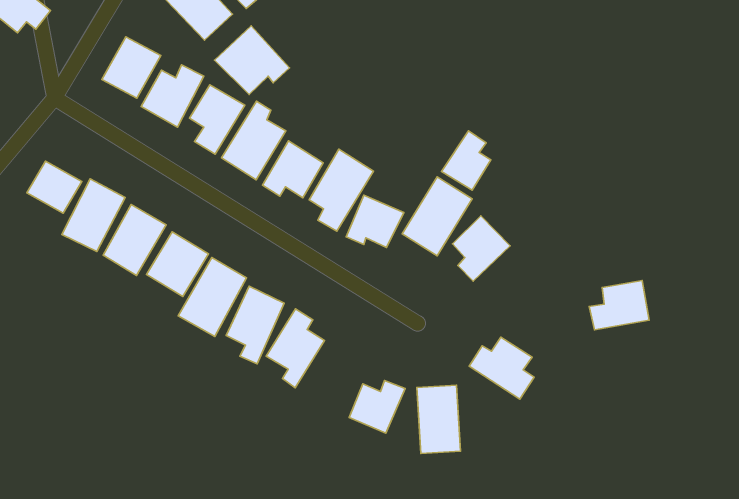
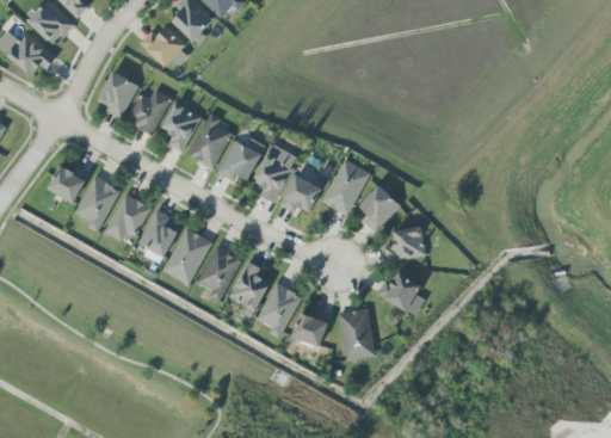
building: [214,26,289,95] -> none
building: [441,131,491,190] -> none
building: [589,280,649,330] -> [383,226,427,264]
building: none -> [257,283,302,339]

